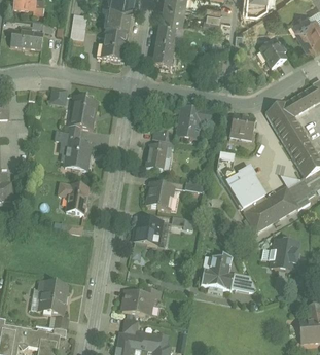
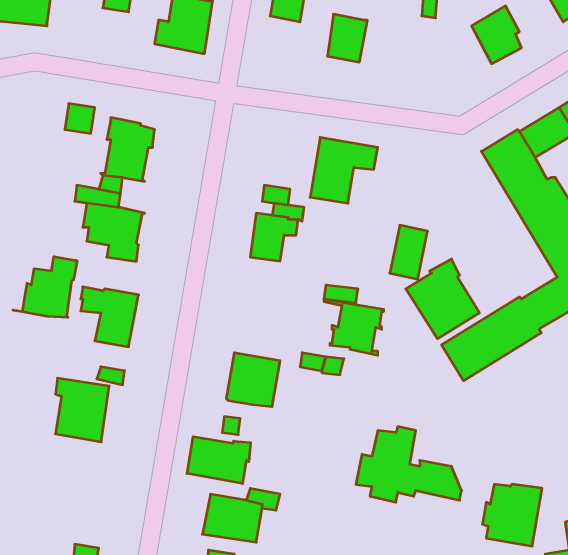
building: [153,42,174,67] -> [327,14,367,62]
building: [229,114,255,139] -> none
building: none -> [13,257,77,317]
building: [143,181,174,210] -> [324,299,384,355]
building: [269,239,299,271] -> [482,484,542,546]
building: none -> [187,437,251,484]
building: [39,281,67,314] -> [55,378,109,442]

